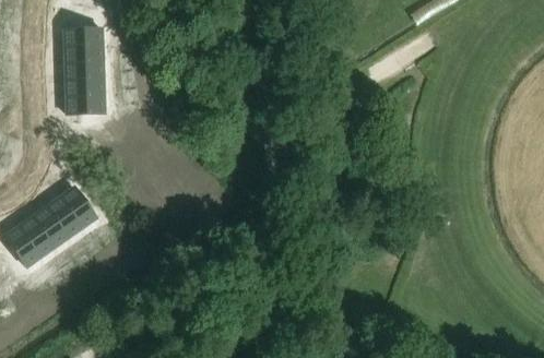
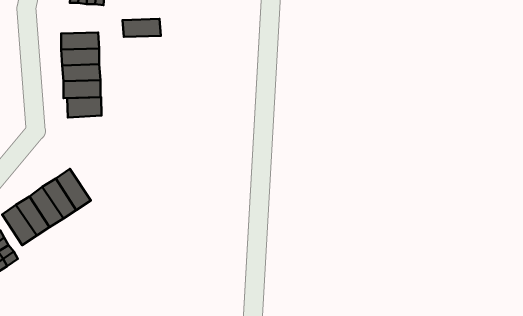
building: [63,29,103,48] -> [123,19,161,37]
building: none -> [67,97,101,118]

